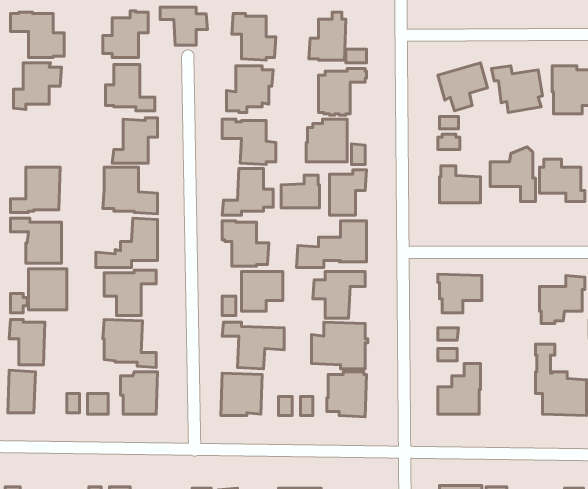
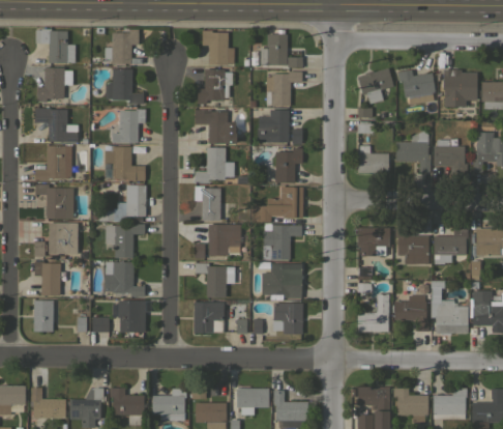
building: [160,7,207,45] -> none
building: none -> [35,108,78,142]
building: [281,175,320,208] -> none
building: none -> [395,228,430,264]
building: none -> [394,295,428,332]

